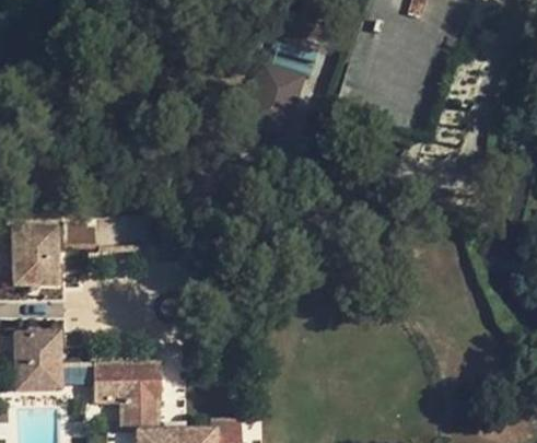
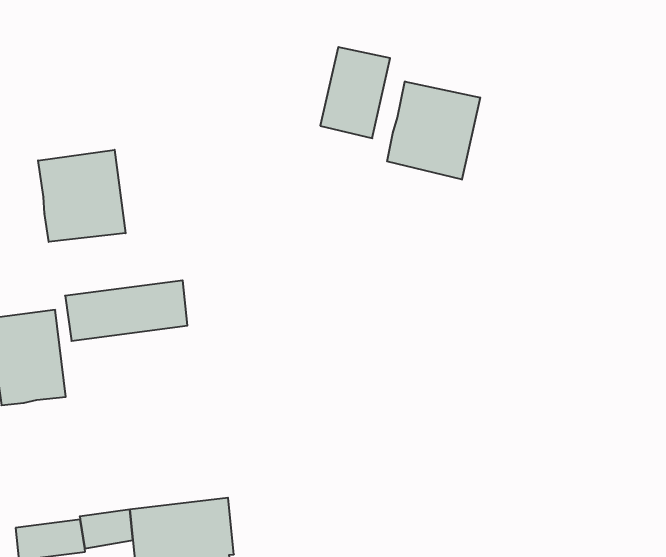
building: none -> [387,81,480,180]
building: none -> [38,150,126,242]
building: [16,334,60,369] -> none

